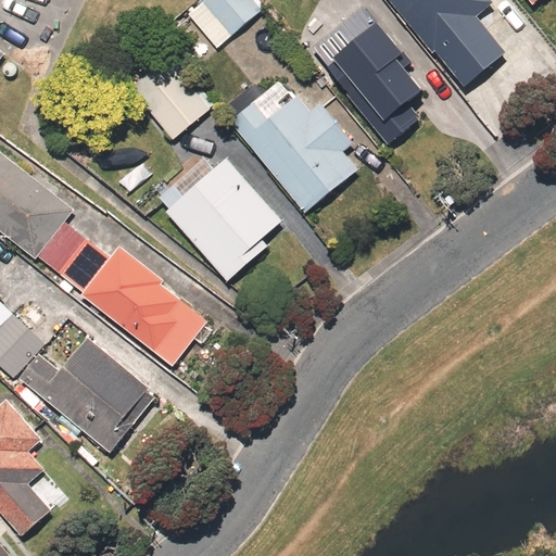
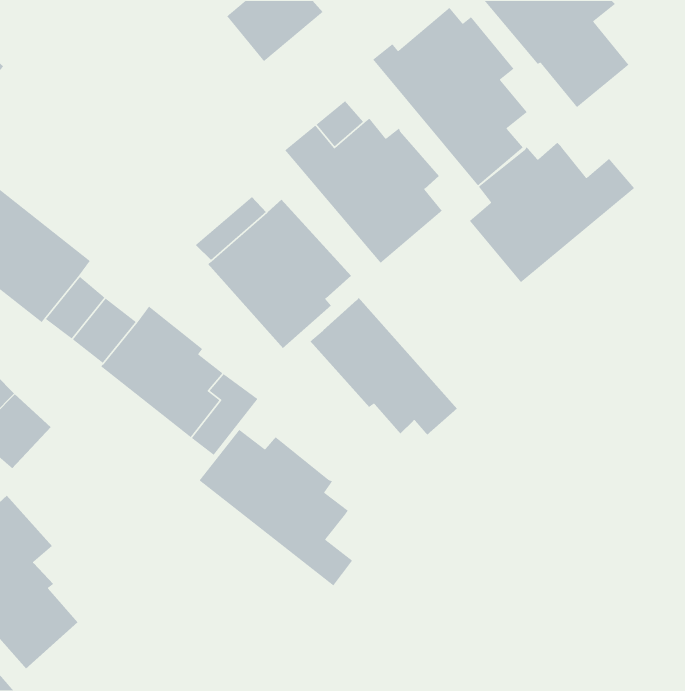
building: [128,58,211,141] -> none
building: none -> [469,142,635,283]
building: none -> [309,297,458,436]
building: [18,337,157,453] -> none
building: none -> [199,429,353,586]

